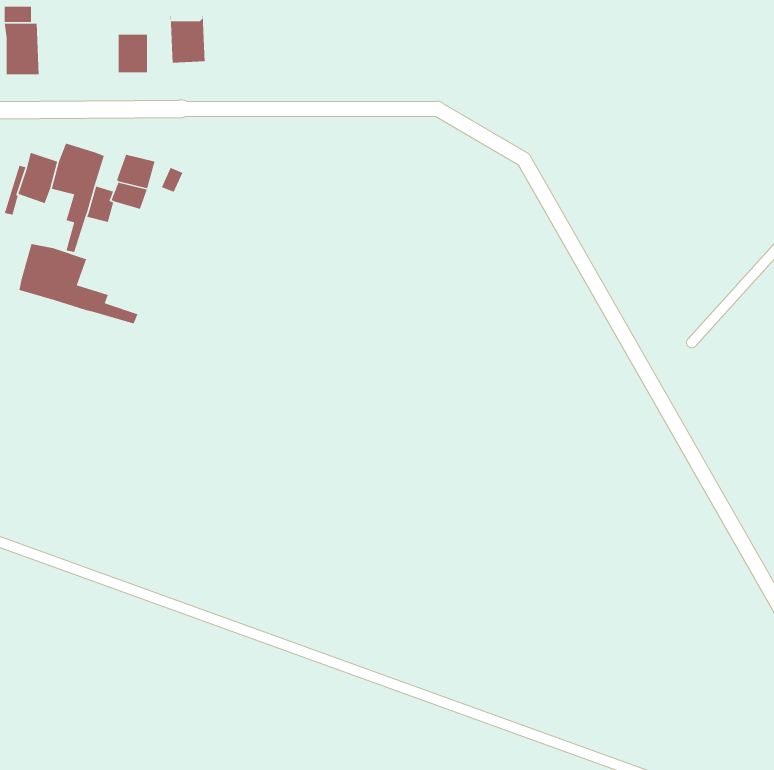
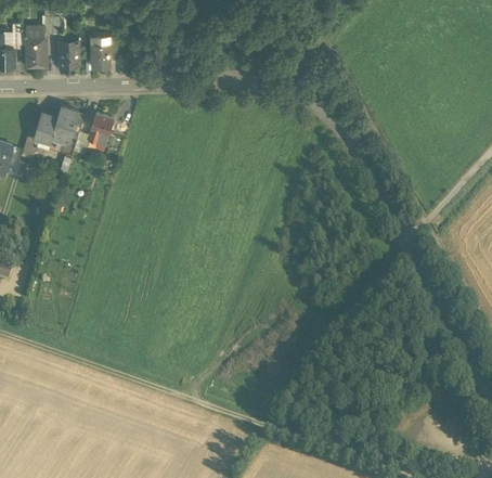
building: [170,15,205,64] -> [60,38,80,66]
building: [18,243,138,324] -> none

